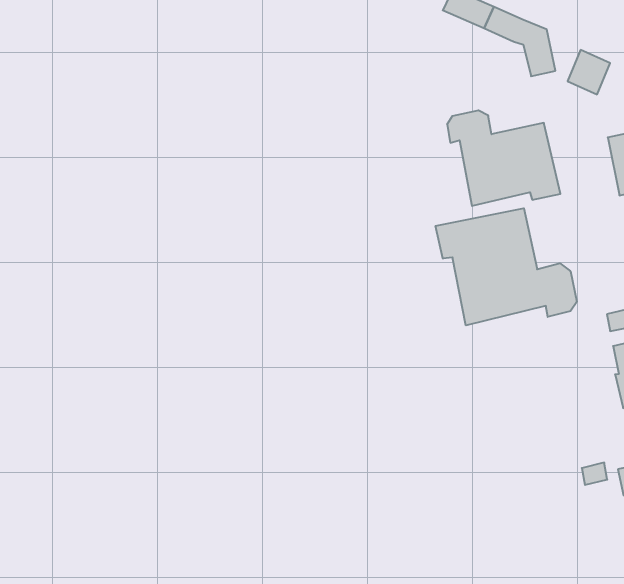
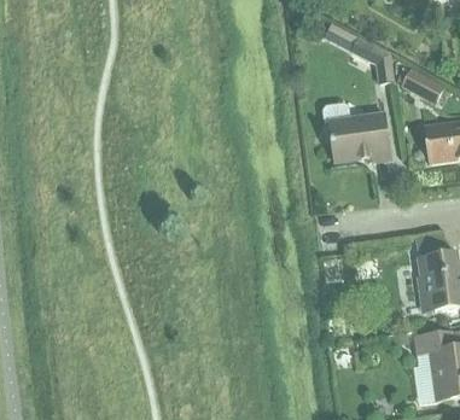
building: [436,208,577,325] -> none

